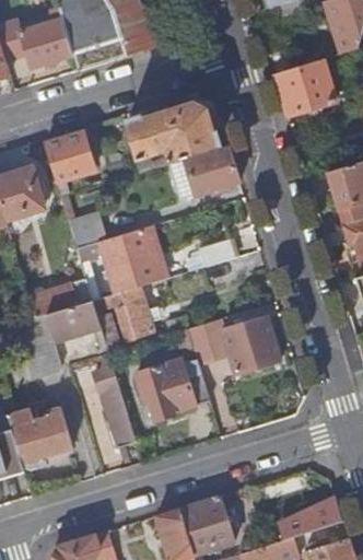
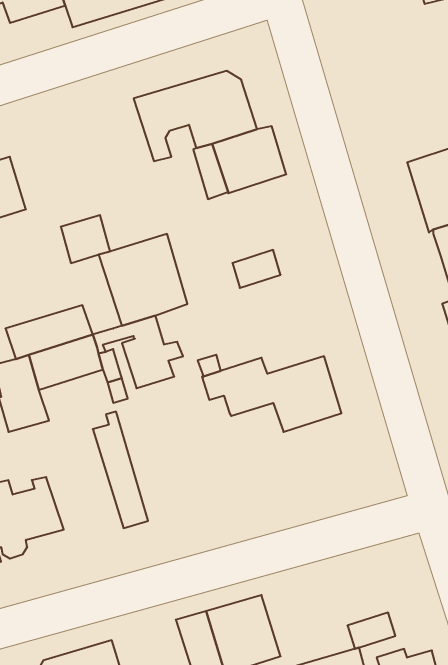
building: [276,59,337,116] -> none
building: [44,131,93,180] -> none
building: [136,359,208,420] -> none

